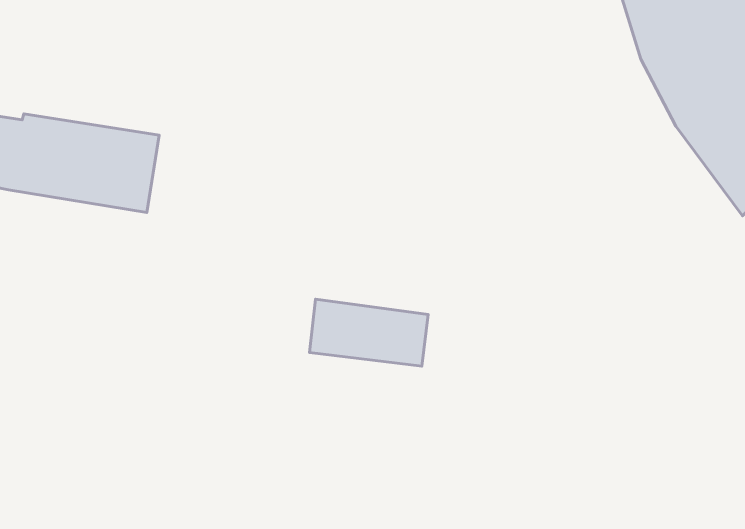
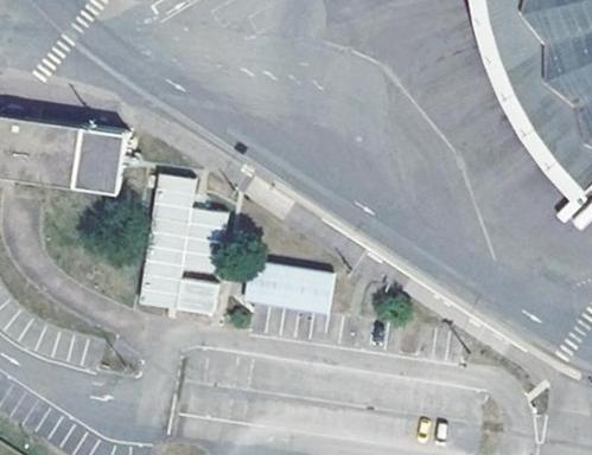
building: none -> [141,177,227,316]

